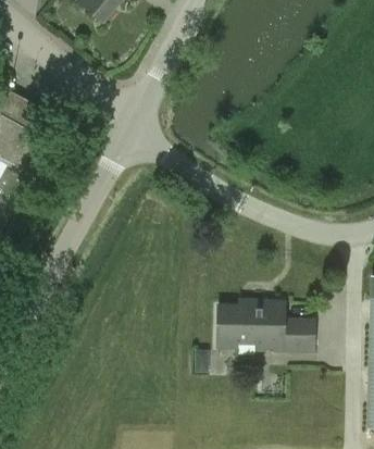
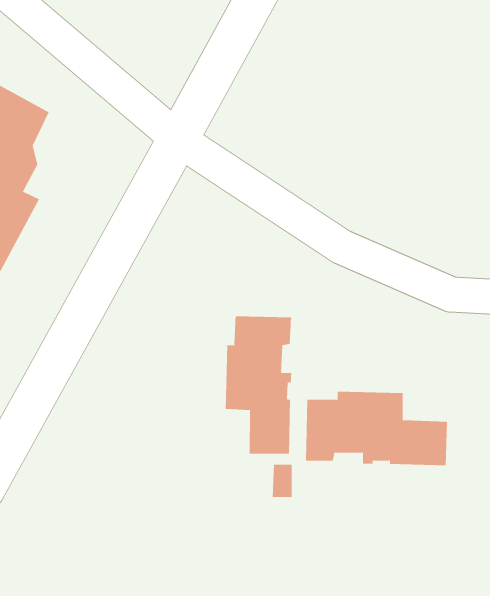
building: none -> [225,316,292,455]

